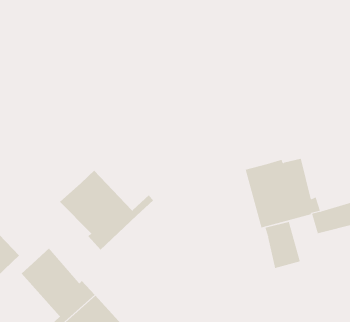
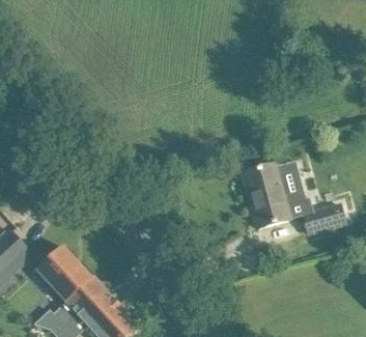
building: [59,170,154,250] -> none
building: [265,221,300,269] -> none

